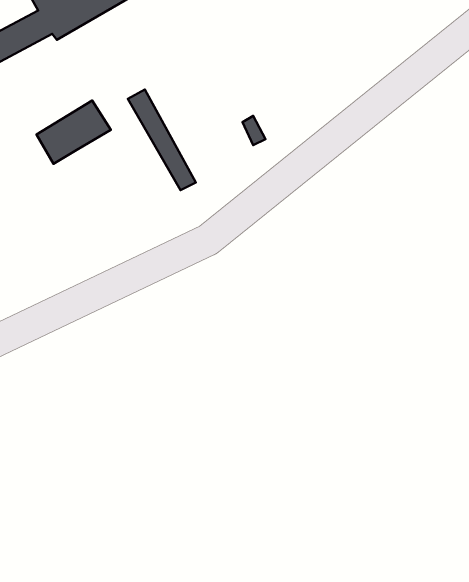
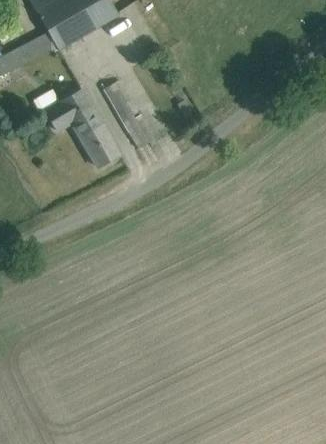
building: none -> [71,108,120,167]

